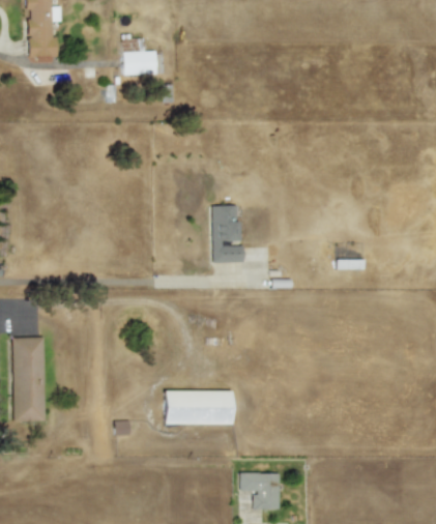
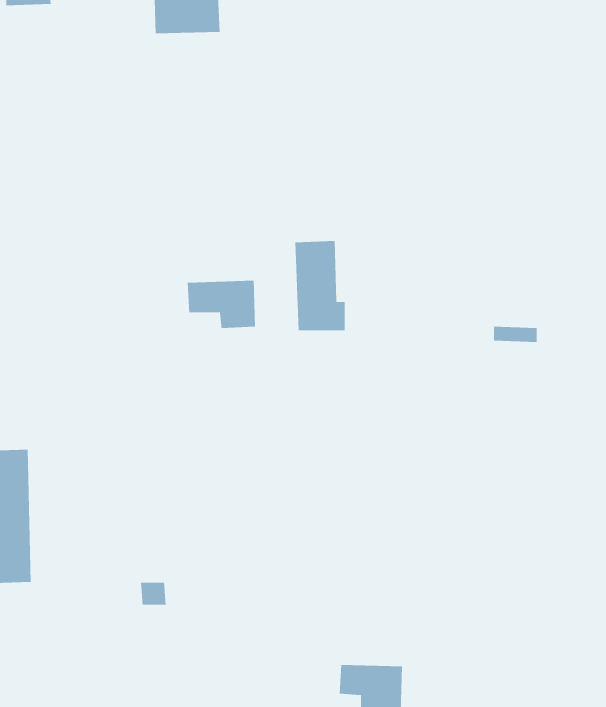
building: none -> [187,280,256,329]
building: [163,390,231,425] -> none

